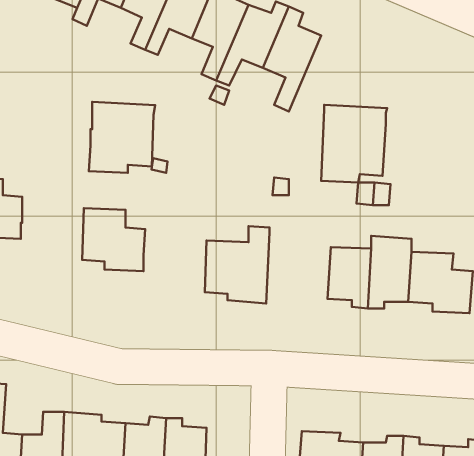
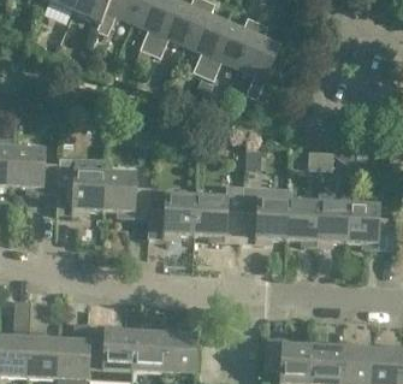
building: [89,102,155,173] -> [57,161,106,214]
building: [321,105,387,182] -> [241,185,290,243]
building: none -> [148,194,196,238]

